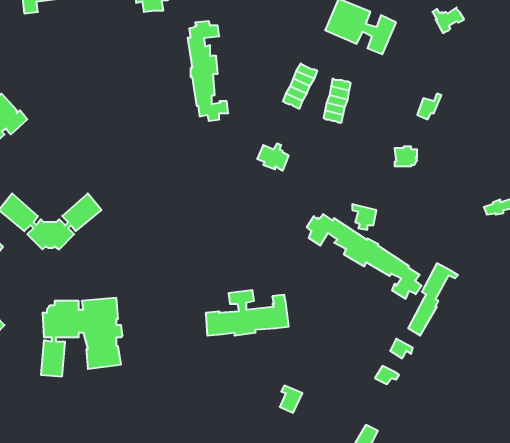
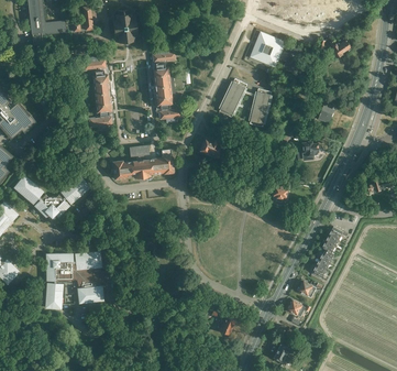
building: none -> [84,56,112,130]
building: [307,214,422,299] -> none
building: [206,290,289,336] -> [113,145,174,178]

